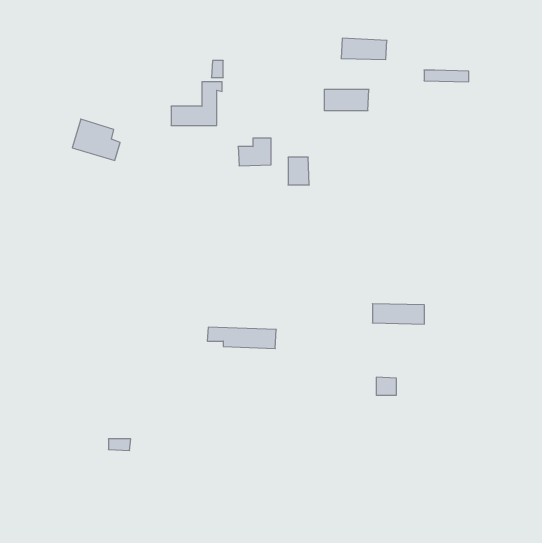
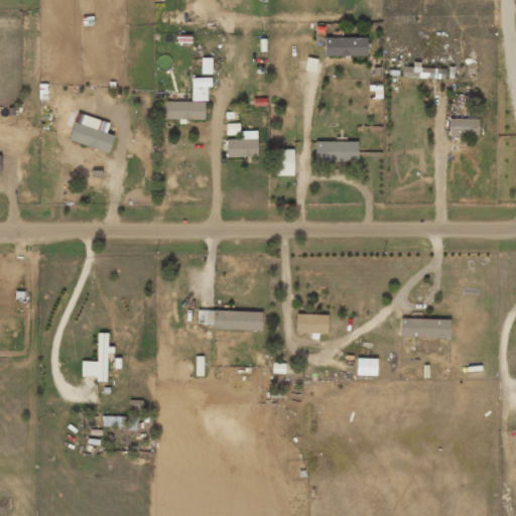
building: [324,89,369,111] -> [316,141,359,161]
building: none -> [449,119,479,137]
building: [372,304,424,324] -> [401,318,450,338]
building: none -> [296,314,329,334]
building: none -> [82,333,109,382]

